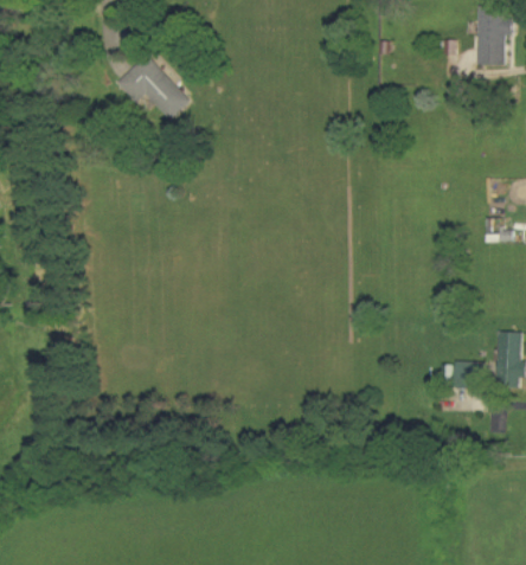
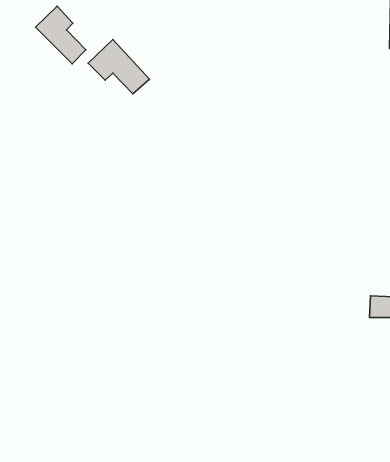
building: none -> [36,6,86,64]

